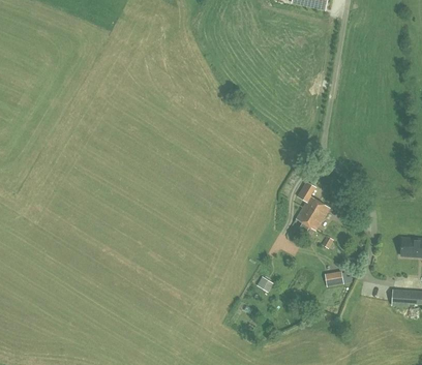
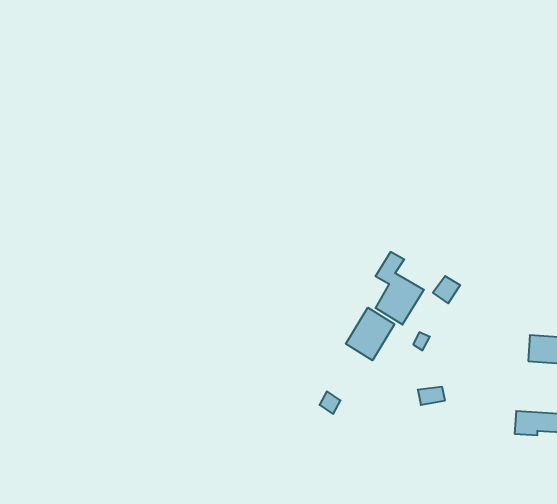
building: none -> [346,308,394,360]

